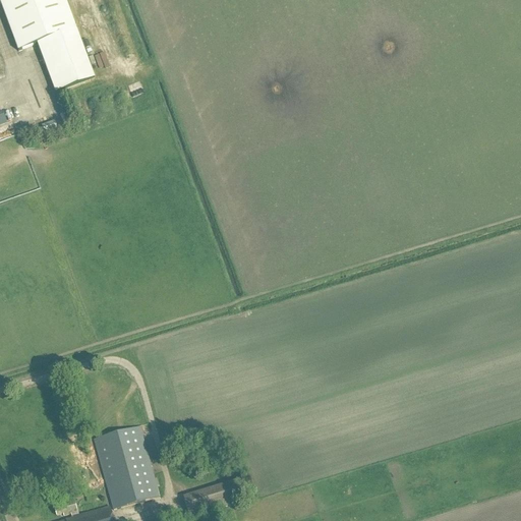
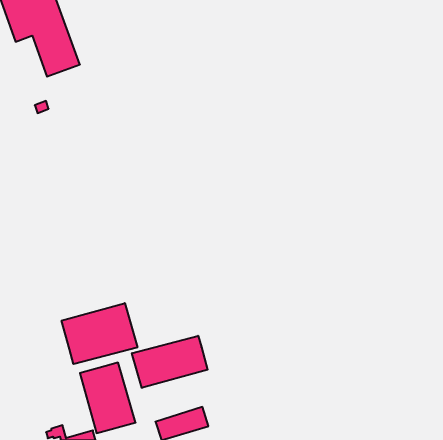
building: none -> [62,303,137,364]
building: none -> [132,336,208,388]

